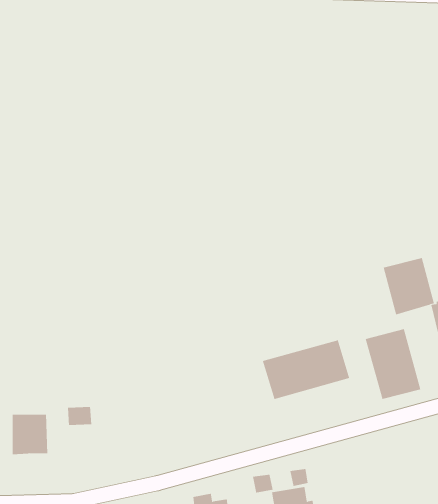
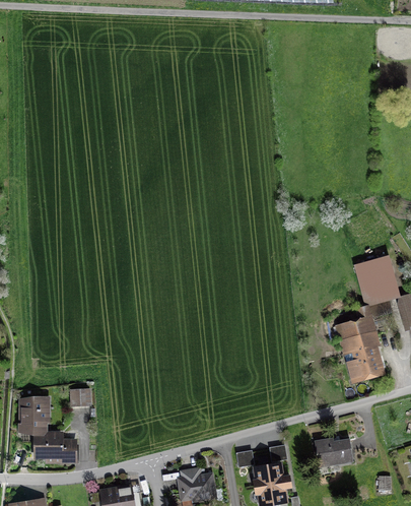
building: [262,339,350,400] -> none
building: none -> [35,432,77,458]
building: none -> [315,436,353,467]

